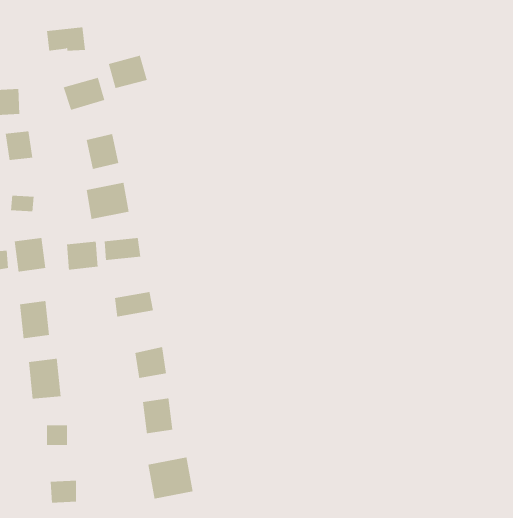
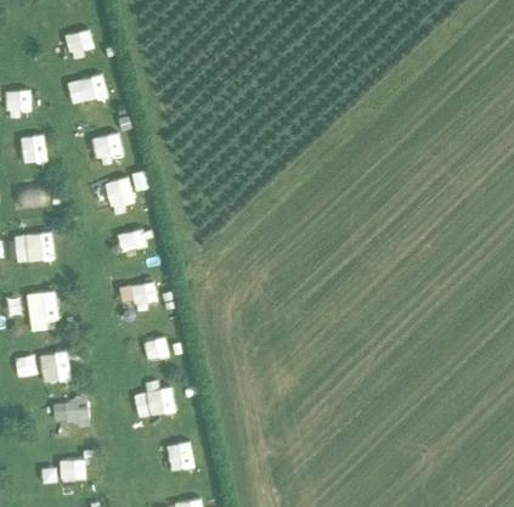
building: [108,55,147,89] -> none
building: [66,241,98,270] -> none

